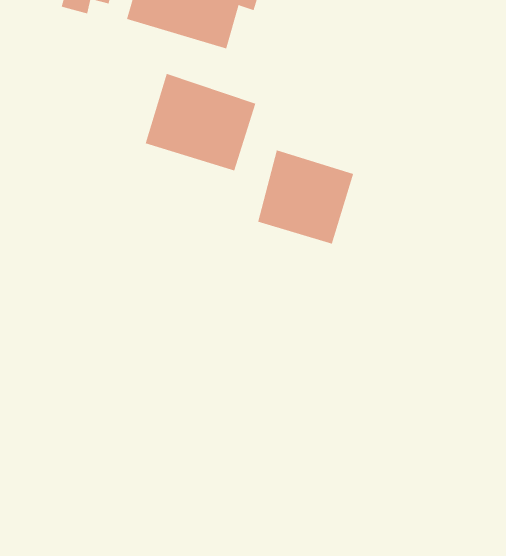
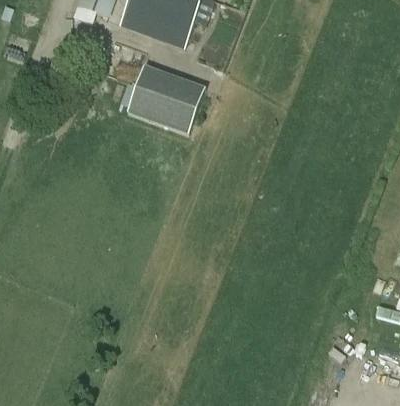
building: [257,149,354,245] -> none

